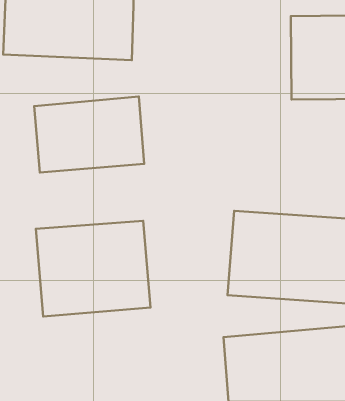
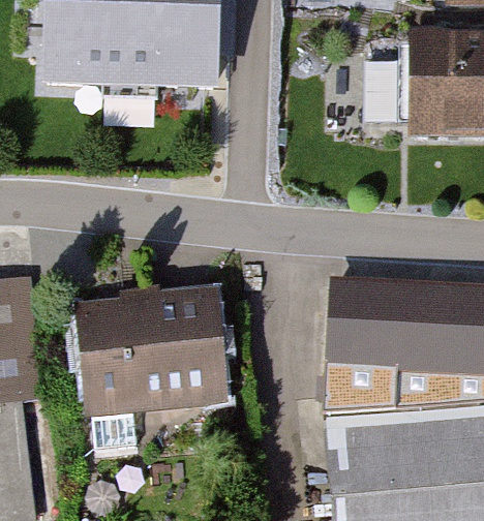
building: [34,97,144,173] -> none

